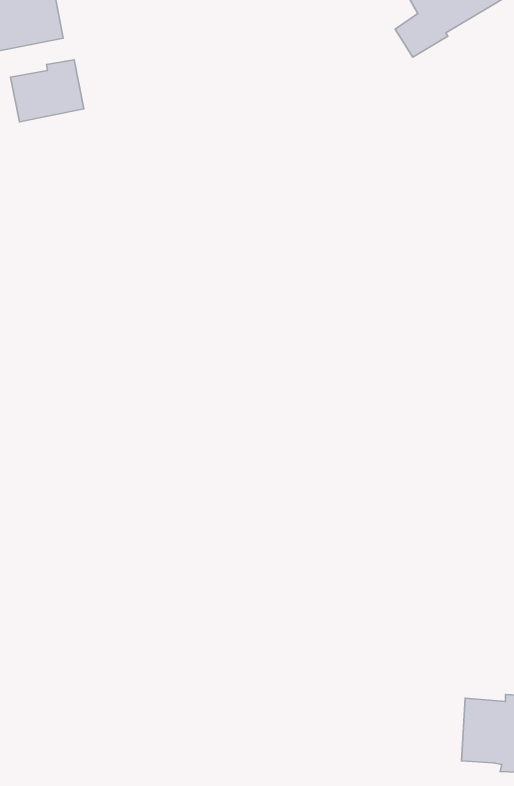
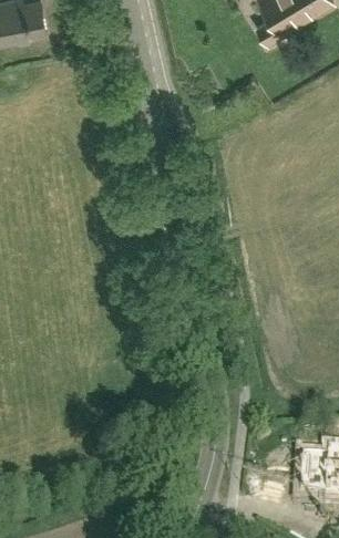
building: [10,60,84,122] -> none

